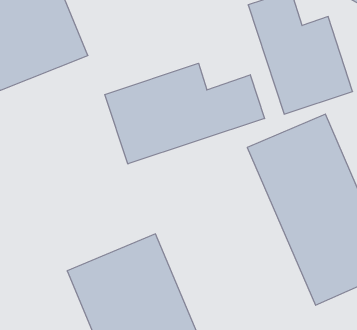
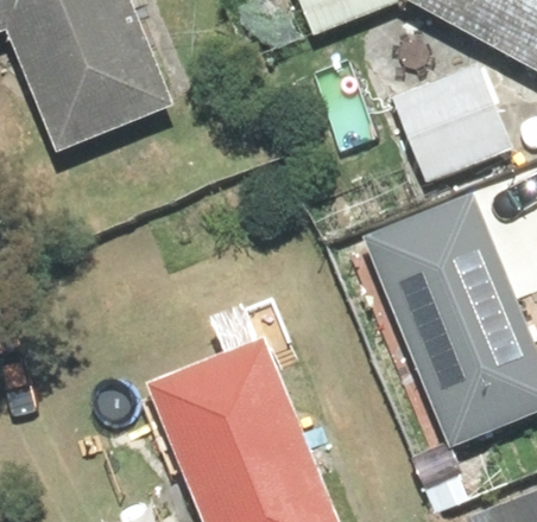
building: [105,63,265,164] -> none

